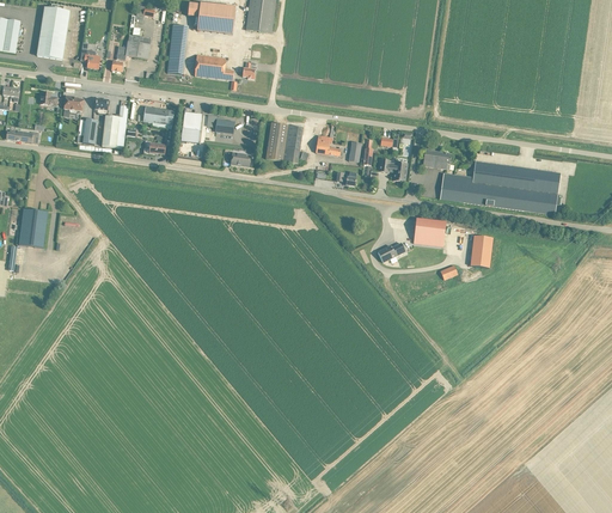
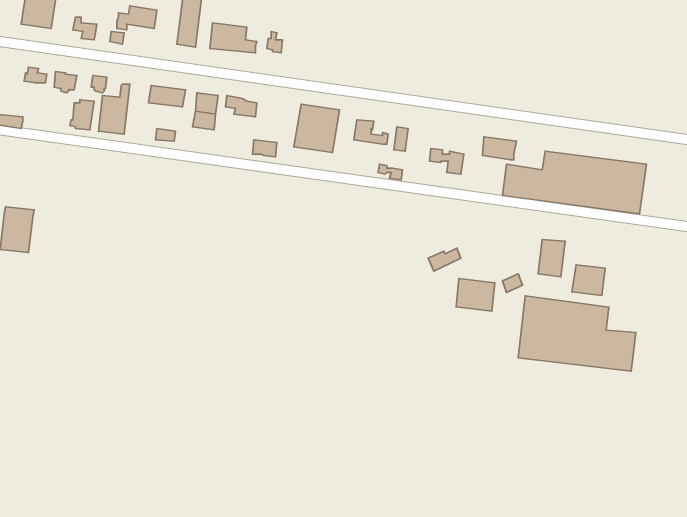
building: [414,218,446,245] -> [456,278,495,311]
building: none -> [572,265,605,296]
building: none -> [518,296,636,371]

